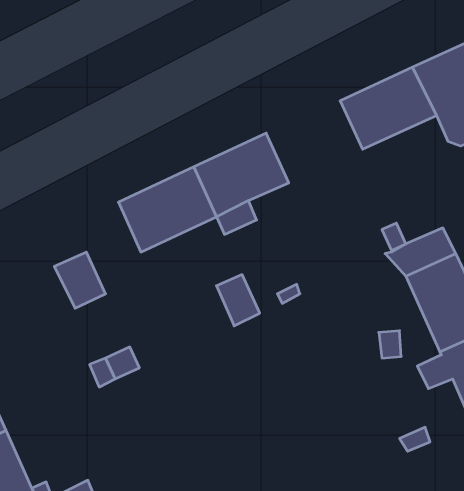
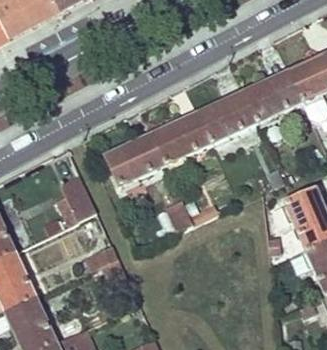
building: none -> [197,92,257,143]

